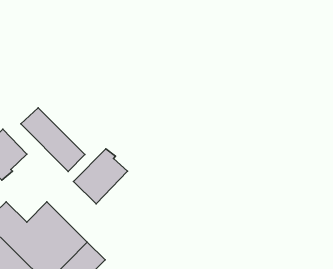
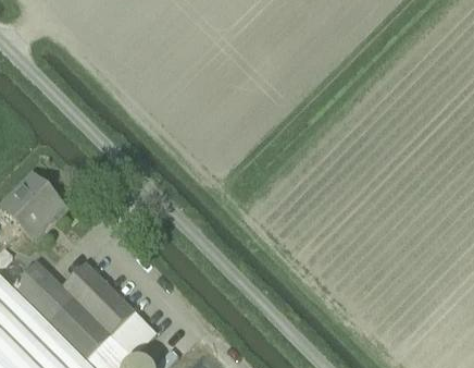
building: [21,108,85,171] -> none
building: [73,149,128,204] -> none

